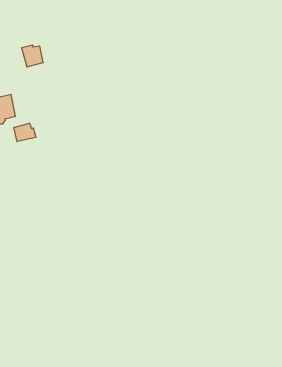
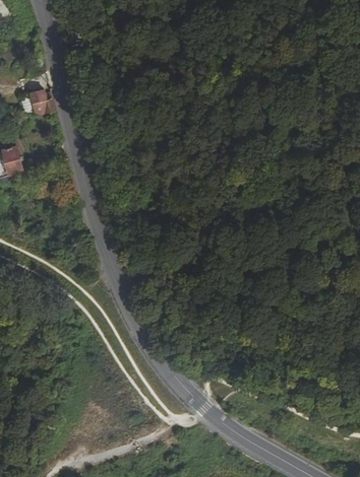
building: [14,123,36,142] -> none

